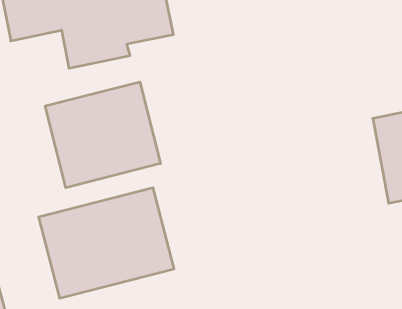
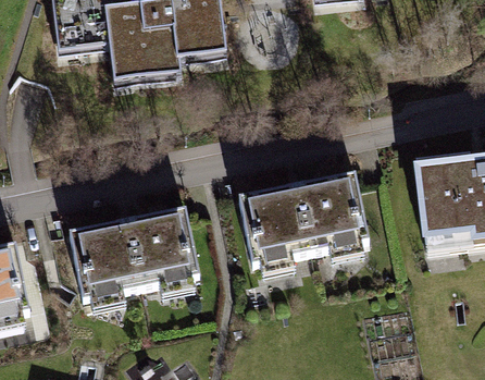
building: [45,82,160,188] -> none
building: none -> [232,169,366,273]

